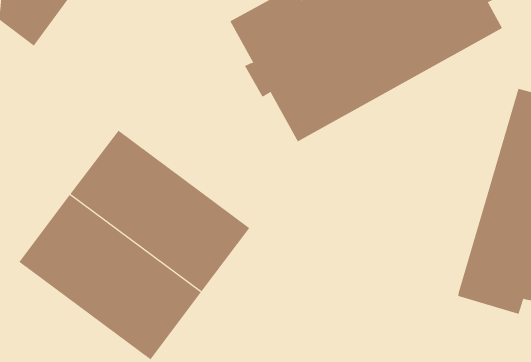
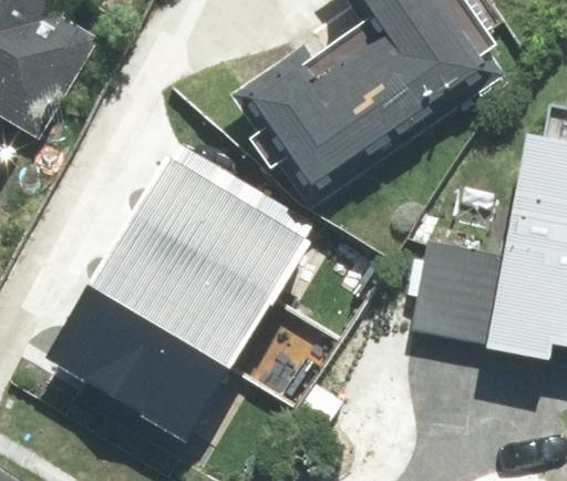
building: none -> [131,139,315,303]
building: none -> [411,242,503,344]

